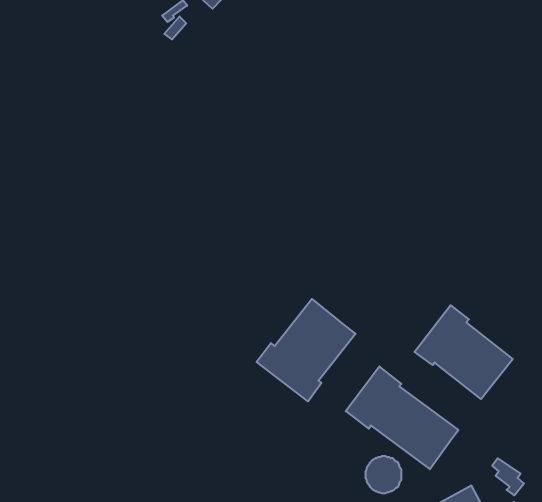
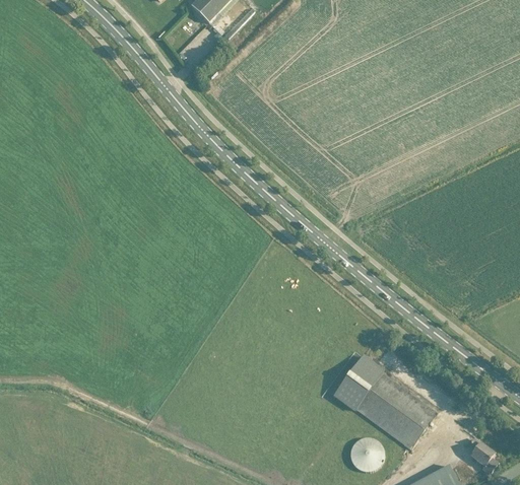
building: [257,299,356,401] -> none
building: [415,305,513,399] -> none

